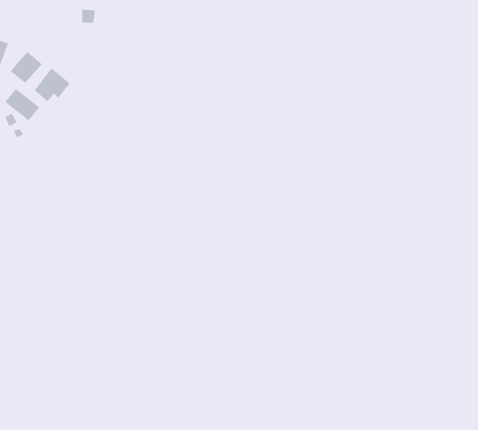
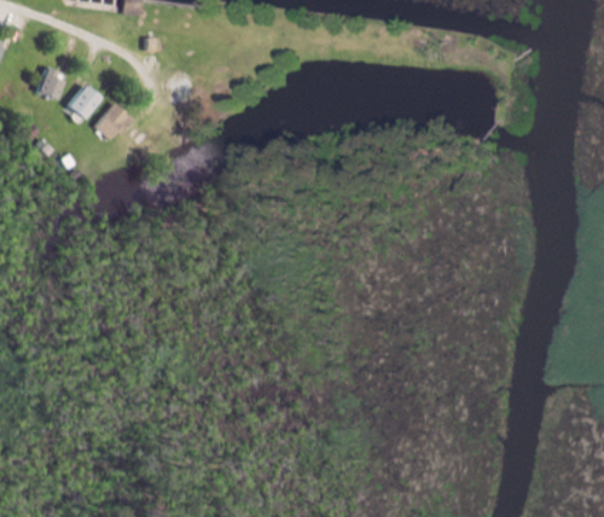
building: [4,88,40,121] -> none

